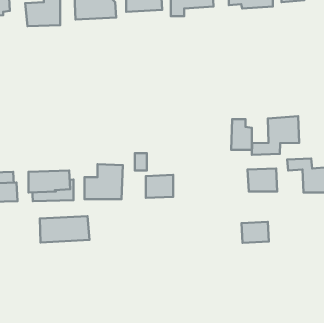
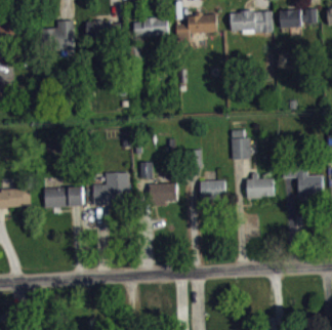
building: [252,116,299,155] -> none
building: [40,216,89,242] -> none
building: [242,222,269,243] -> [201,183,226,203]

